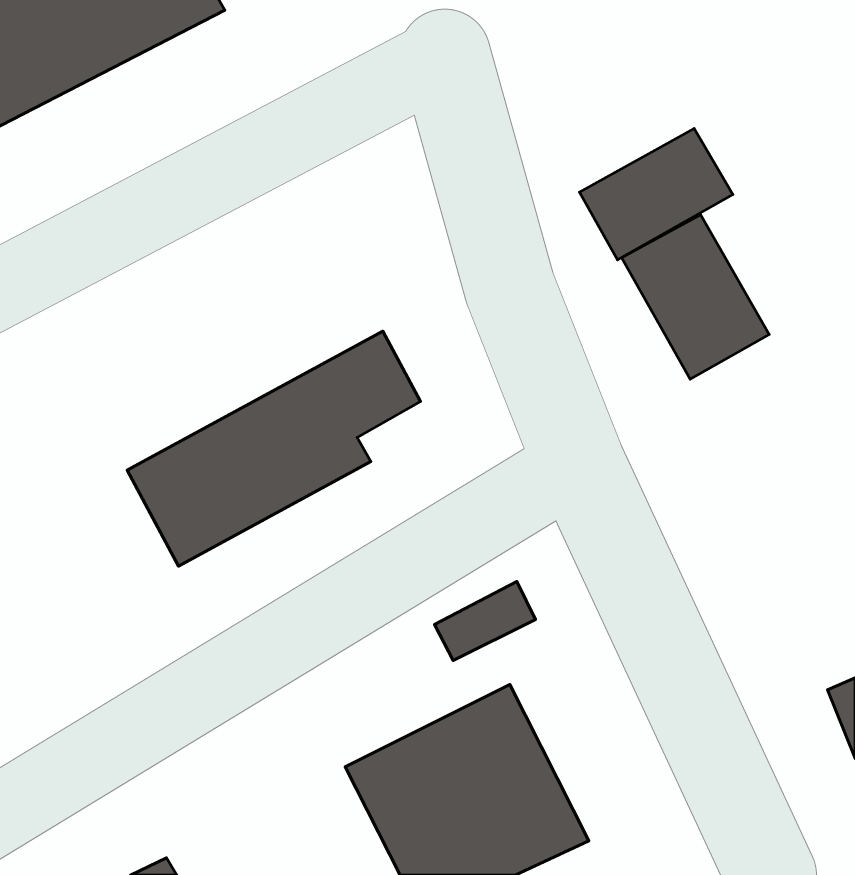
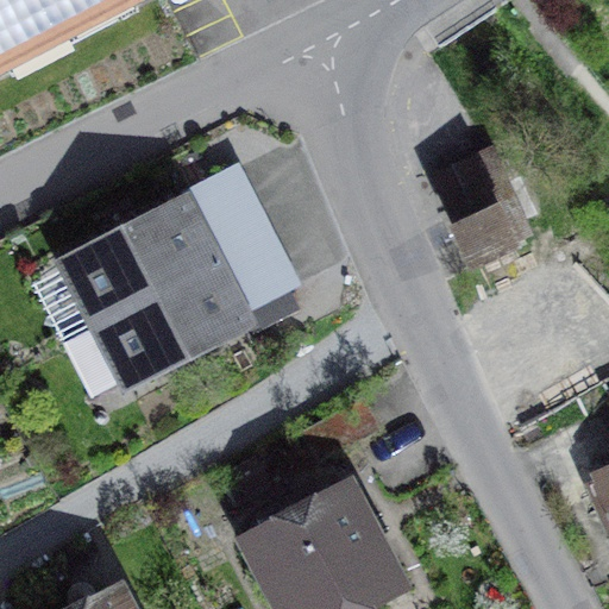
building: [579,128,733,260] -> none
building: none -> [54,167,265,326]

